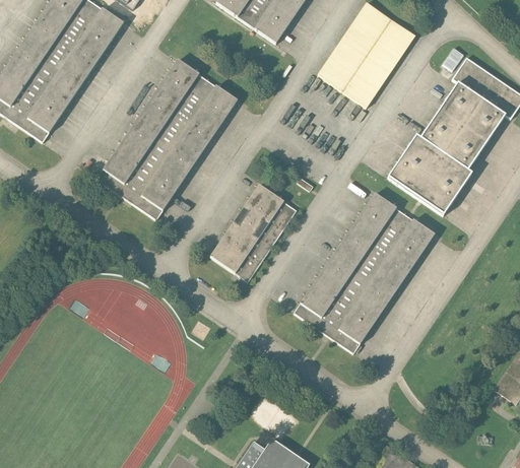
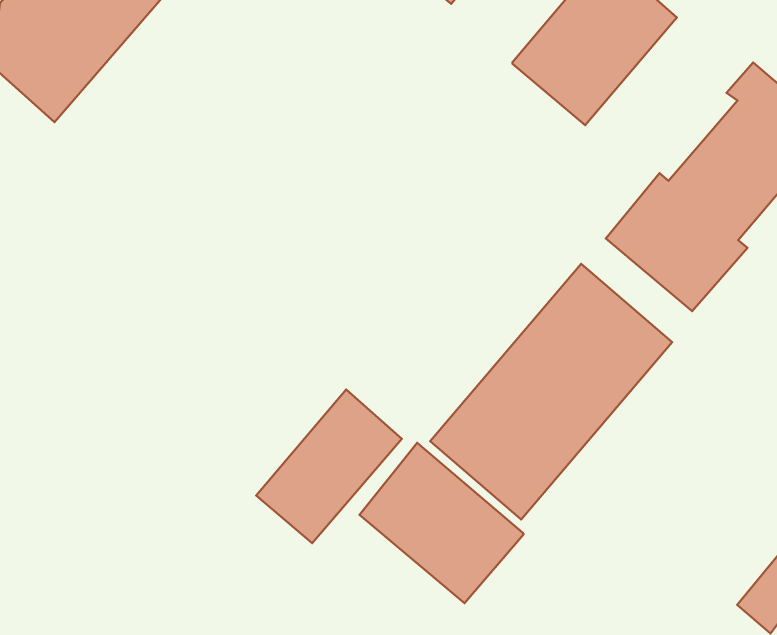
building: [95,59,236,218] -> none
building: [209,184,295,280] -> [256,389,402,543]
building: none -> [359,443,523,603]

